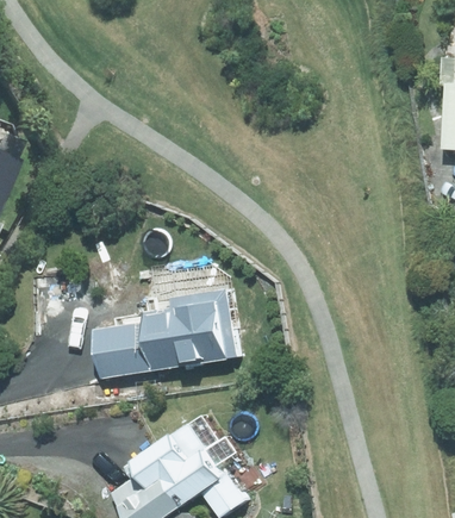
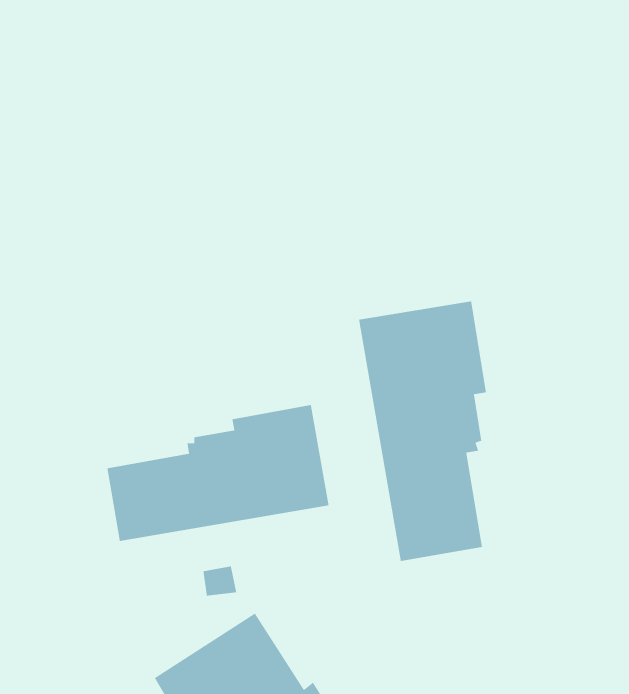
building: none -> [358,300,487,562]

